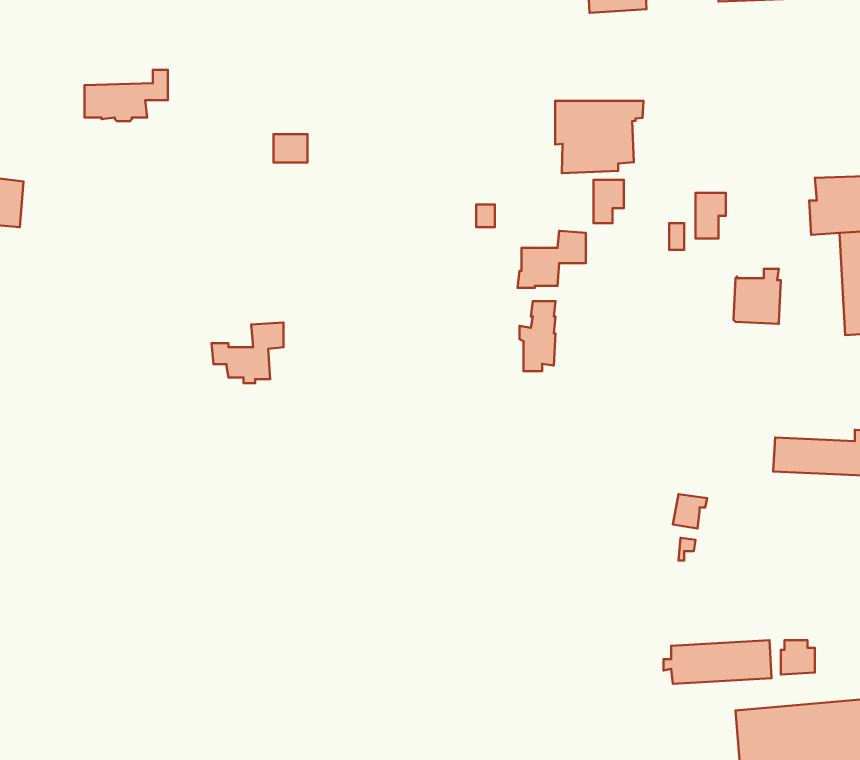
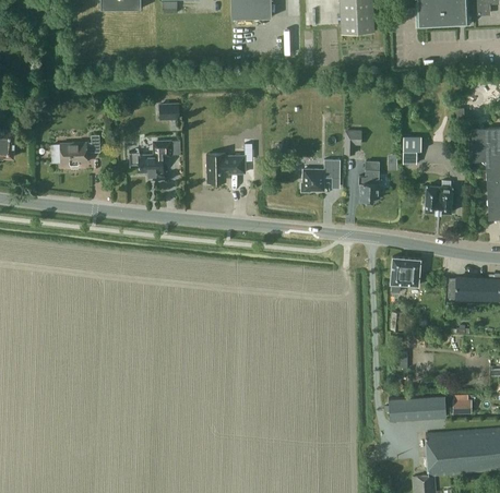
building: [85,70,168,121] -> [51,135,99,165]
building: [555,101,644,173] -> none
building: none -> [206,154,245,180]
building: [520,301,556,371] -> [358,161,379,202]
building: [211,322,283,383] -> [129,141,170,176]
building: none -> [390,256,420,292]

